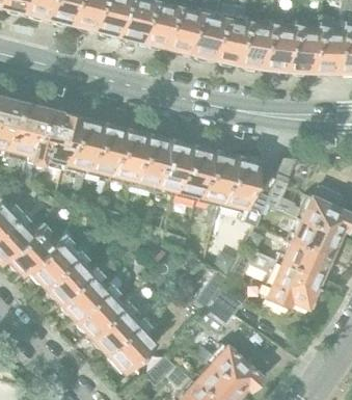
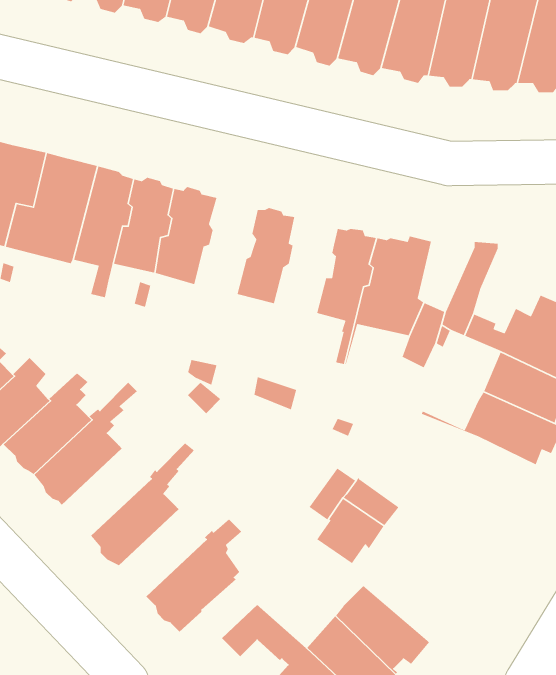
building: [135,134,169,187] -> none
building: [179,144,213,197] -> none
building: [253,252,322,309] -> none
building: [62,266,111,319] -> none
building: [93,299,141,352] -> none

